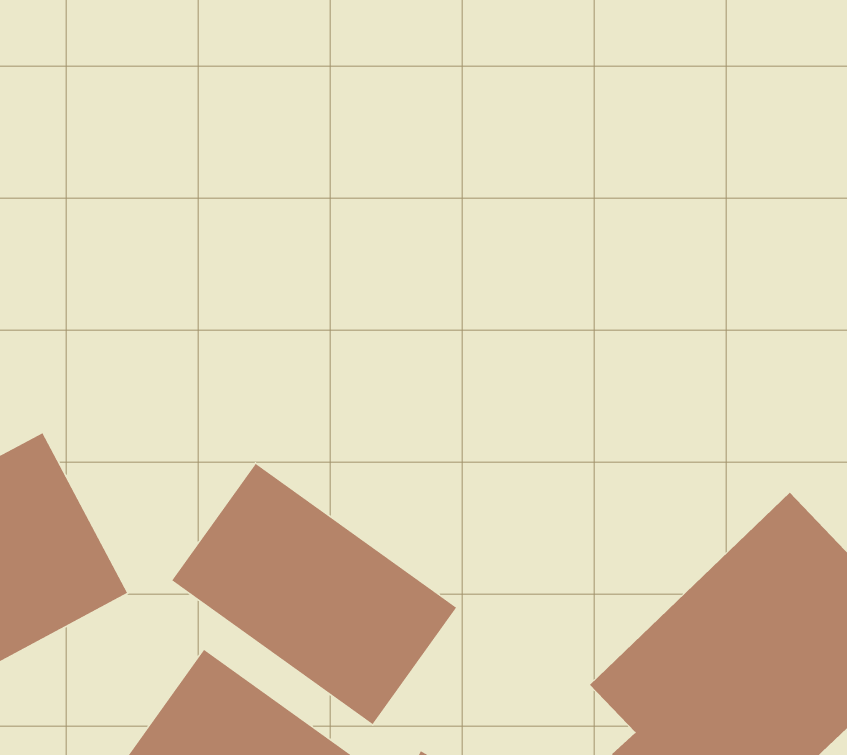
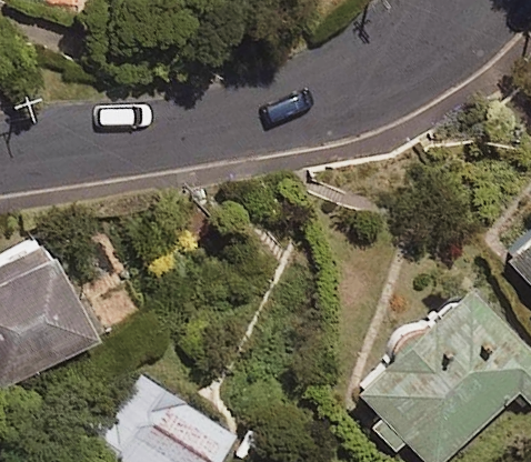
building: [171,463,457,725] -> none

